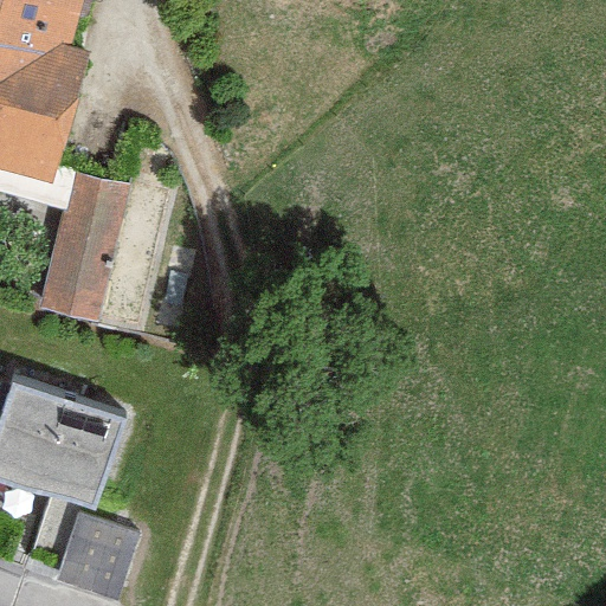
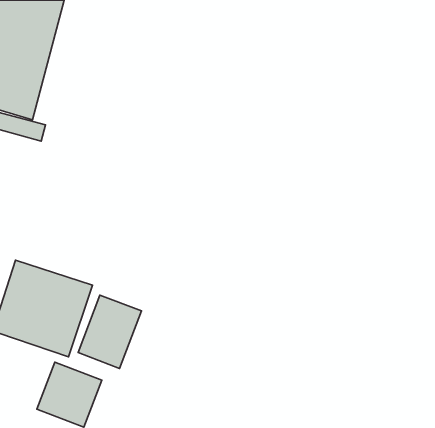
building: [36,174,166,328] -> none
building: none -> [78,295,141,368]

